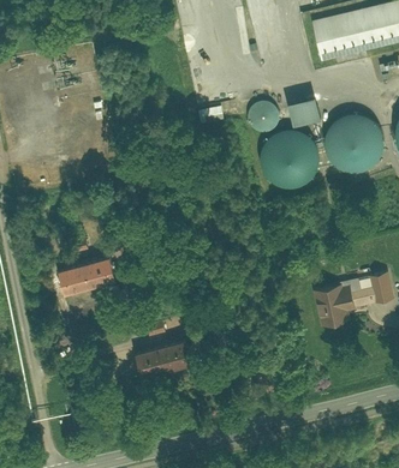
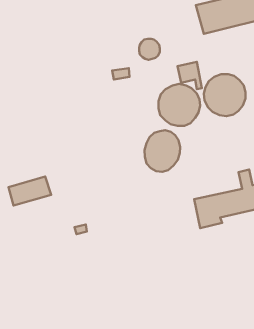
building: [250,103,279,132] -> [139,39,160,60]
building: none -> [145,130,180,172]
building: [130,338,190,382] -> none

